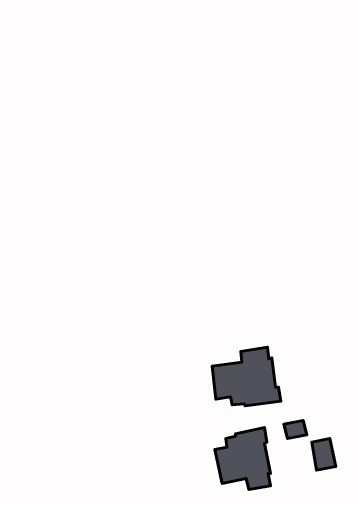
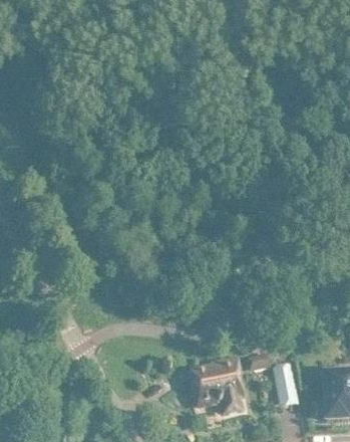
building: [212,347,281,406] -> none

